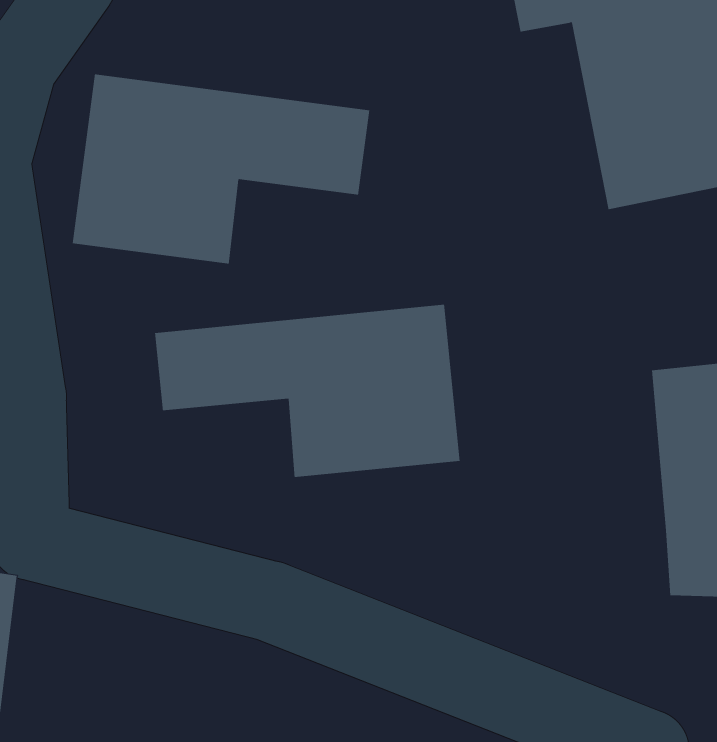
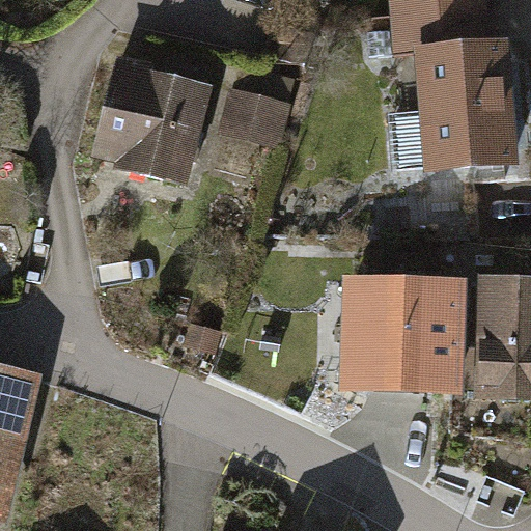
building: [155,304,460,478] -> none
building: none -> [341,281,448,386]

